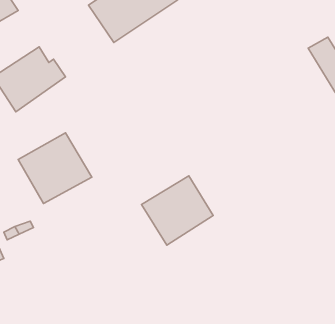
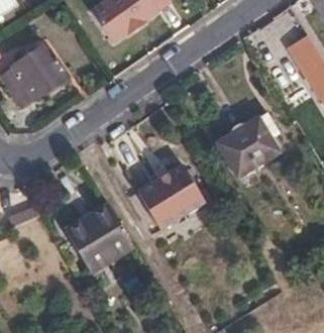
building: none -> [219,118,279,175]
building: [18,133,92,203] -> [67,204,134,268]

